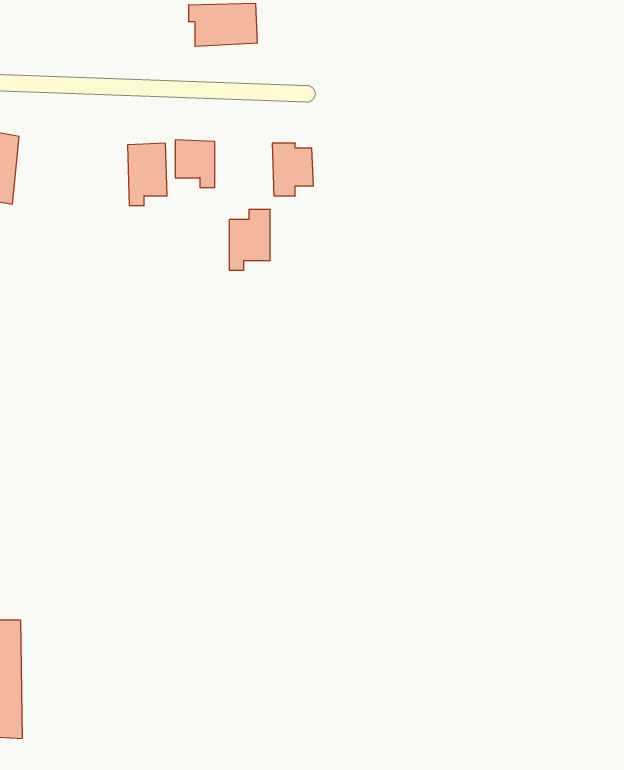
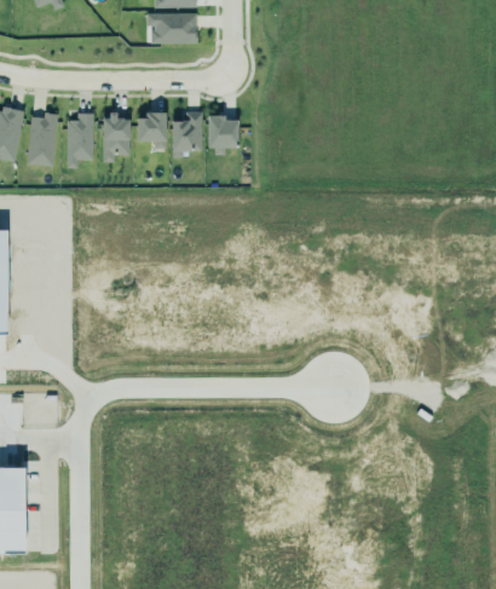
building: none -> [25,110,56,164]
building: none -> [67,112,93,168]
building: [229,209,270,270] -> [169,110,200,155]

